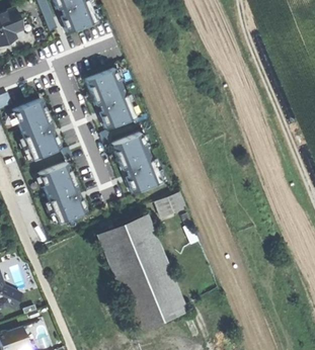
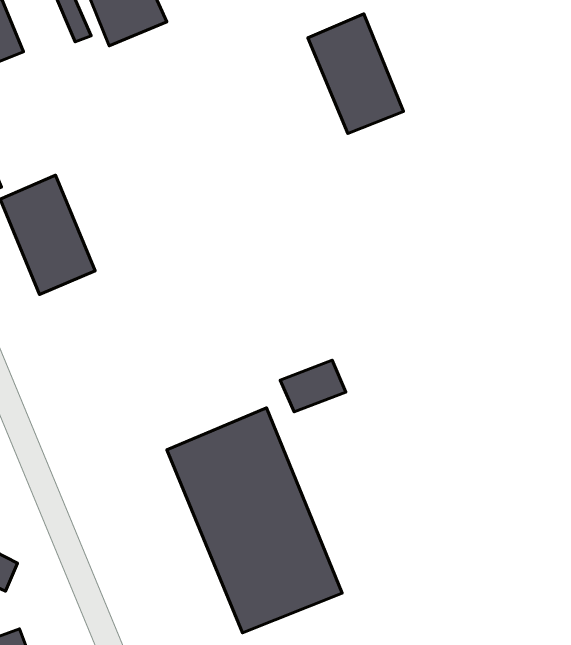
building: [86,66,135,126] -> [308,14,403,133]
building: [112,130,161,191] -> none
building: [38,160,88,221] -> none

